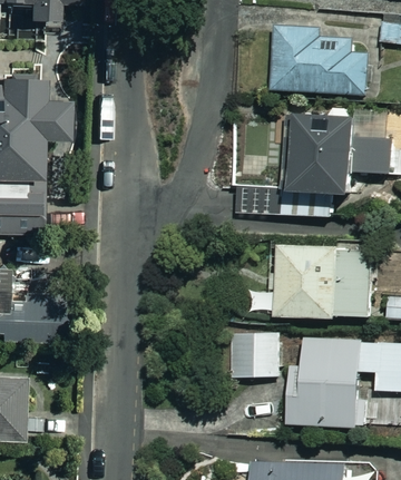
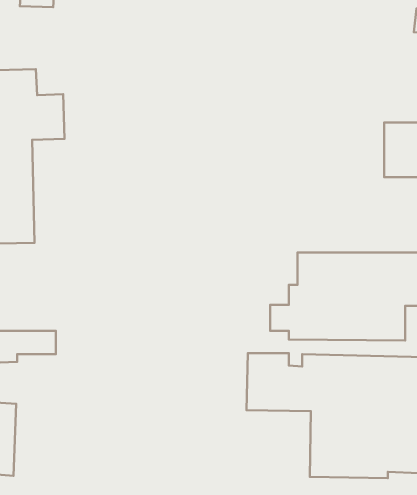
building: [273,30,369,92] -> none
building: [286,106,362,196] -> none

